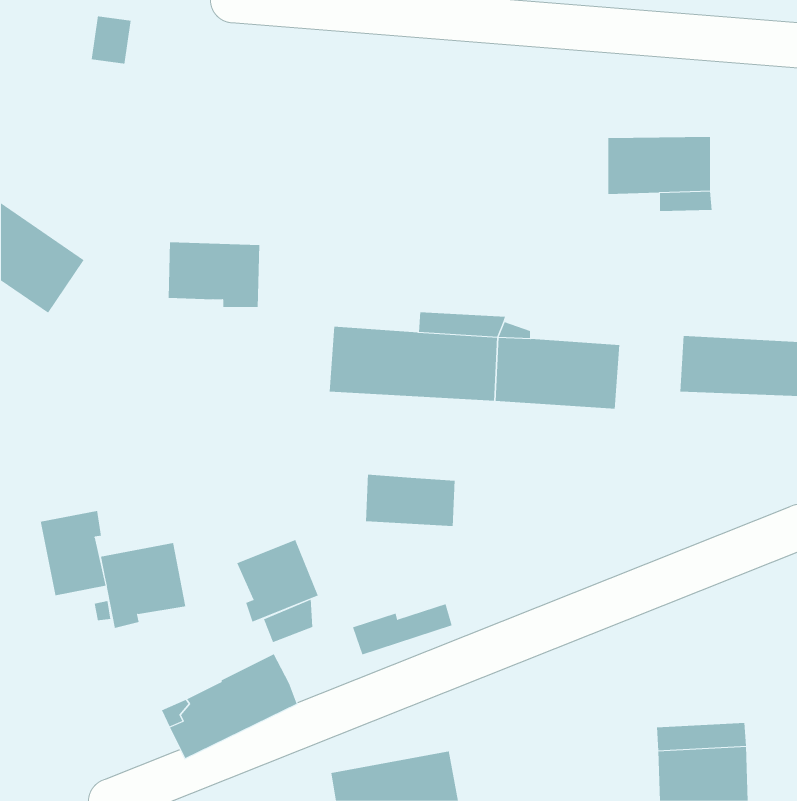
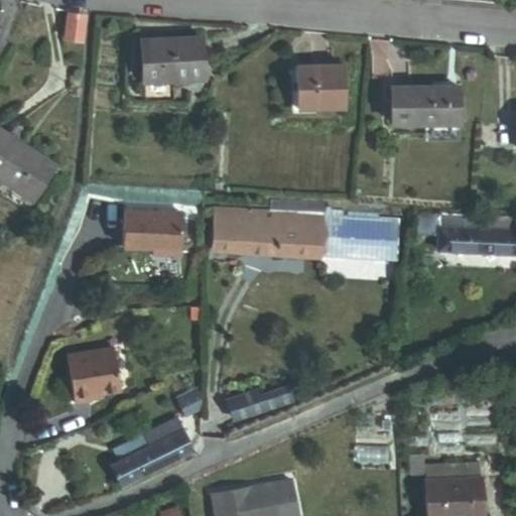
building: none -> [144,37,206,81]
building: none -> [297,68,347,108]
building: [168,242,260,308] -> [123,215,182,257]
building: [365,474,455,527] -> none
building: [40,510,106,596] -> none
building: [236,539,319,623] -> none

